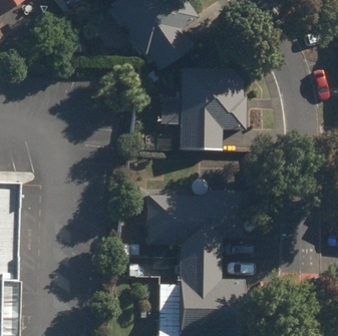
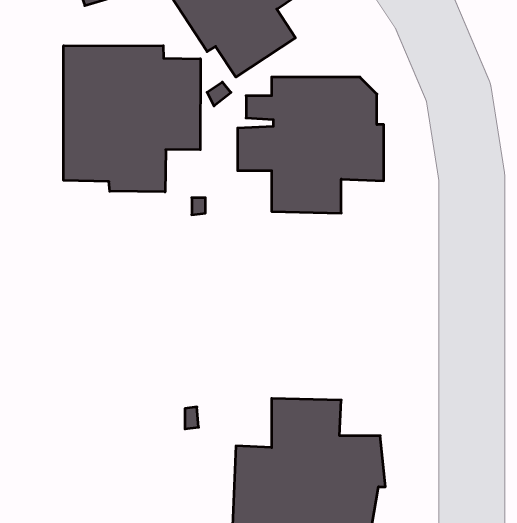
building: none -> [64,46,200,192]
building: [148,191,250,259] -> none

